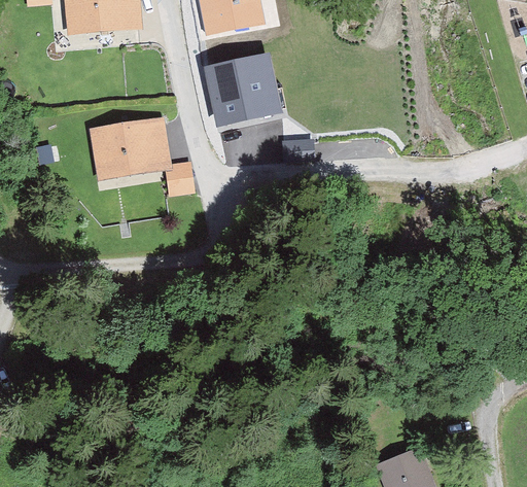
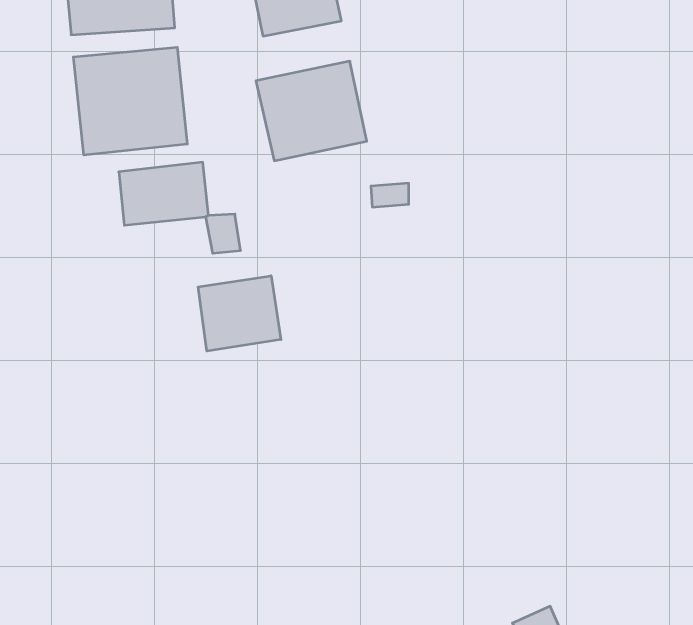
building: none -> [73,47,187,155]
building: none -> [198,276,281,351]

